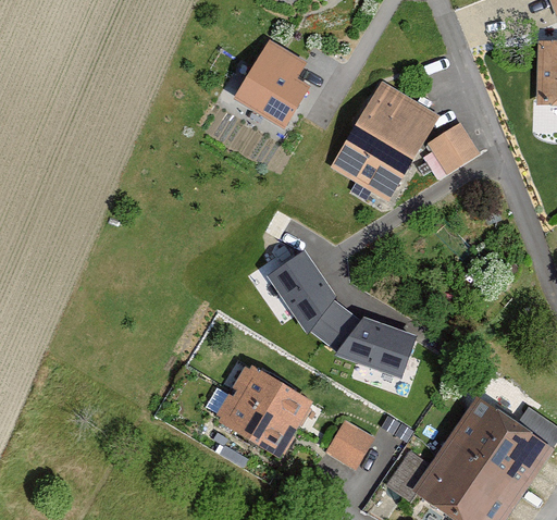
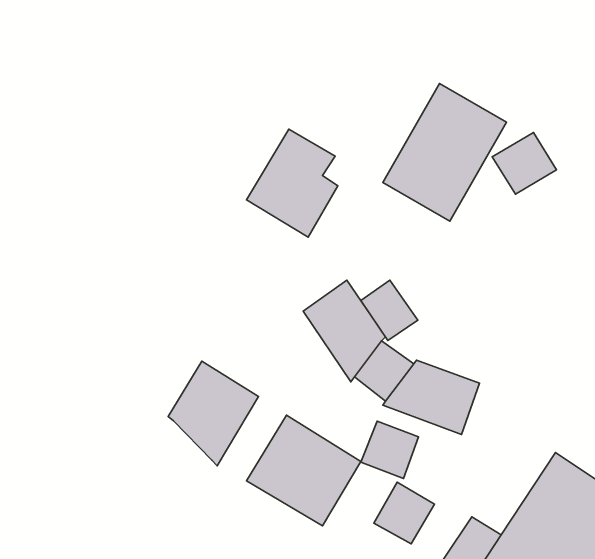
building: [231,37,308,128] -> [246,129,338,237]
building: none -> [361,280,418,341]
building: none -> [168,361,259,466]
building: none -> [361,421,418,478]

